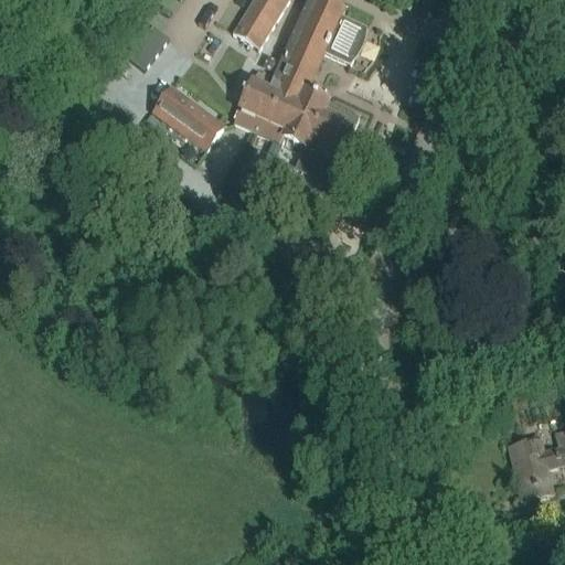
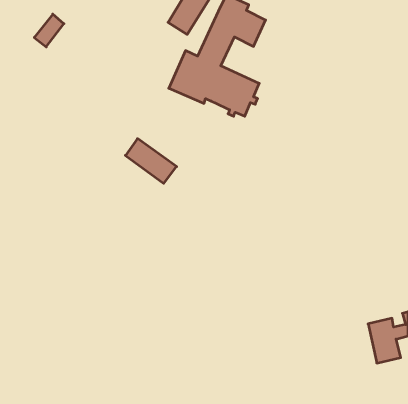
building: [127,23,168,68] -> [34,14,64,47]
building: [152,86,223,148] -> [125,139,177,183]

